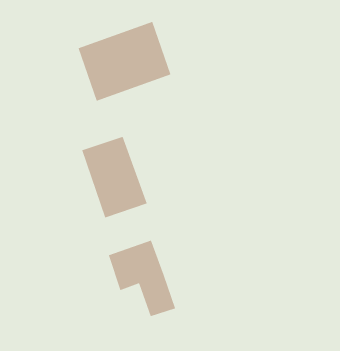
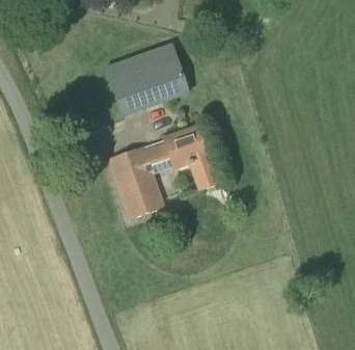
building: [108,240,176,317] -> [161,124,221,192]

